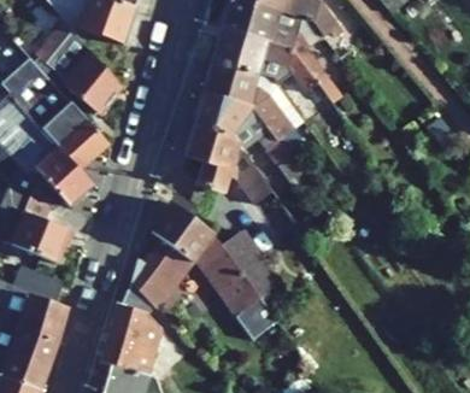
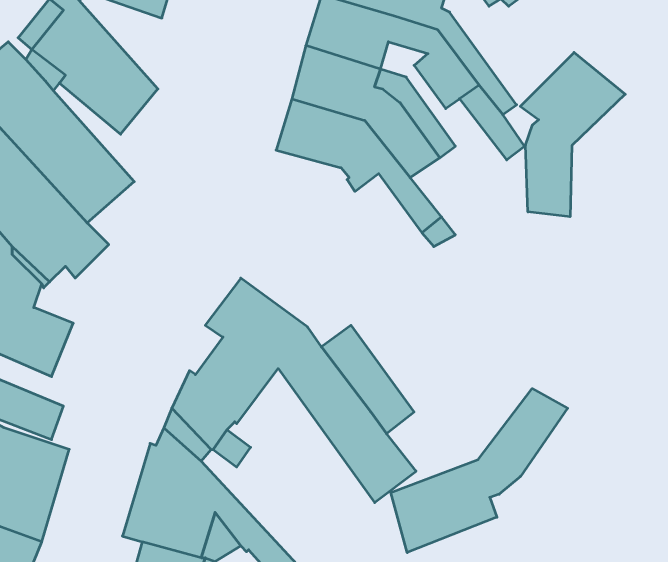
building: none -> [520,52,625,217]
building: [186,125,274,205] -> none
building: none -> [391,389,568,553]

